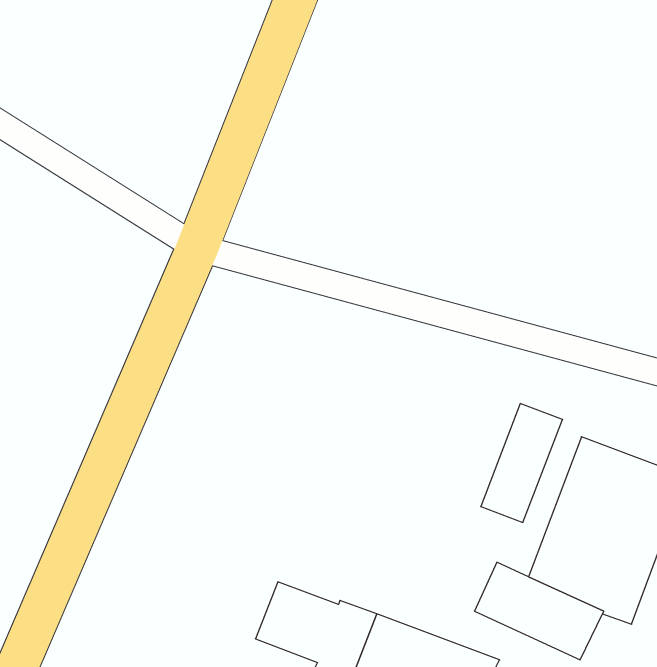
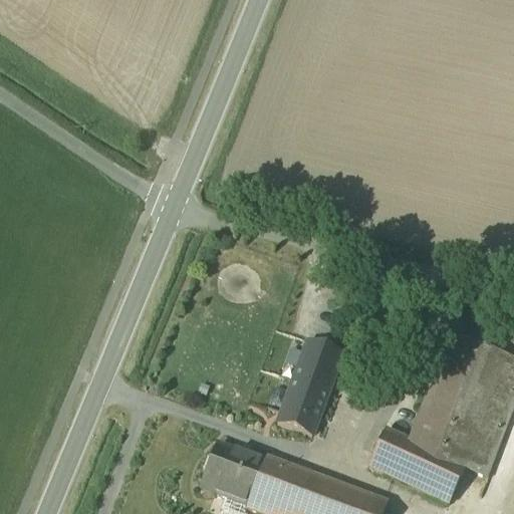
building: [481,404,563,522] -> [279,341,341,432]

